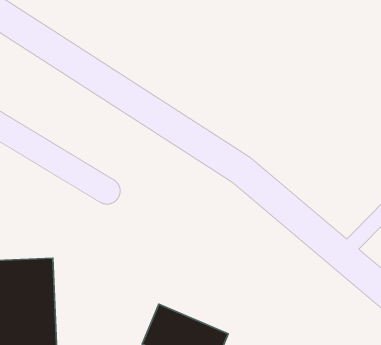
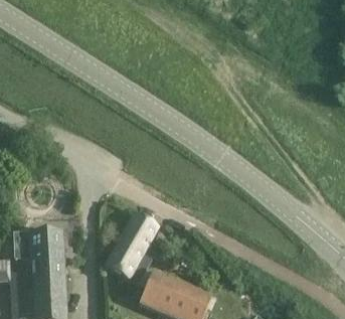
building: none -> [105,213,157,284]

